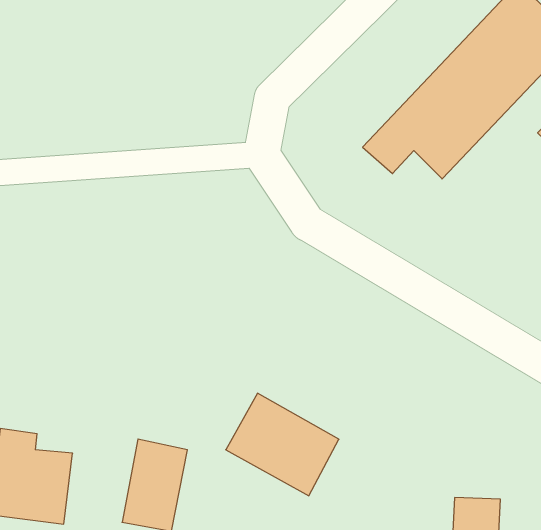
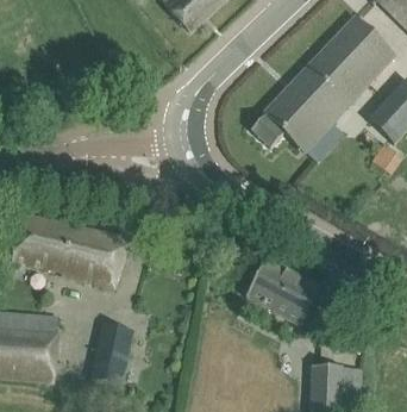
building: none -> [14,213,129,285]
building: [226,393,339,496] -> [246,256,323,325]

